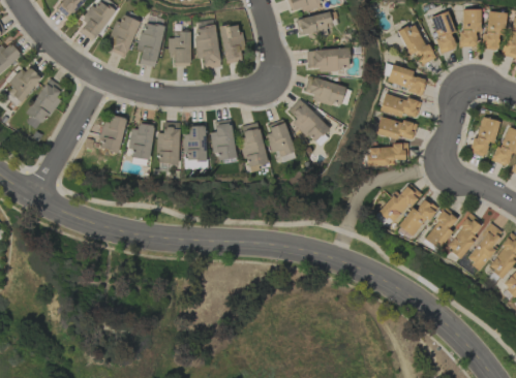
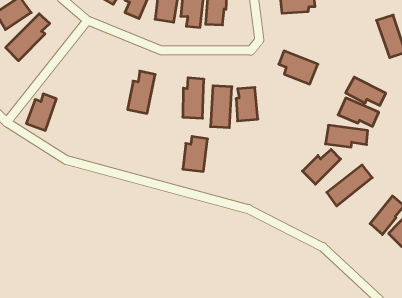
building: [308,50,350,70] -> none
building: [388,65,427,94] -> none
building: [289,99,330,144] -> none
building: [99,116,126,153] -> [26,94,56,130]
building: [130,124,154,160] -> none
building: [184,126,207,161] -> [183,136,208,171]
building: [399,199,436,238] -> [302,149,341,184]

